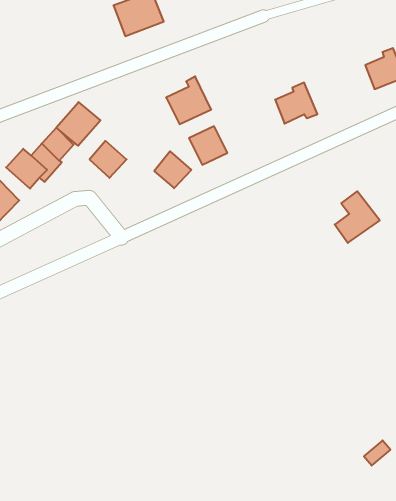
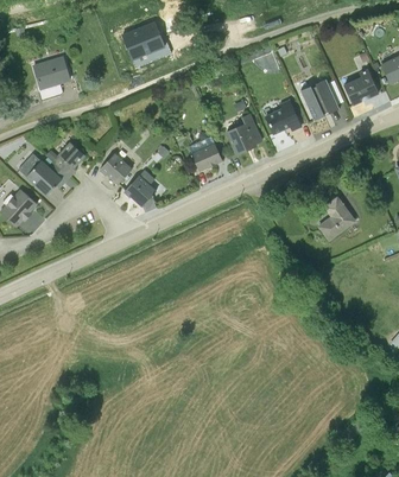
building: none -> [30,52,69,87]
building: none -> [300,78,340,120]
building: [166,76,211,124] -> [223,113,264,155]
building: [56,102,100,146] -> none
building: [154,151,191,188] -> [122,173,156,206]

